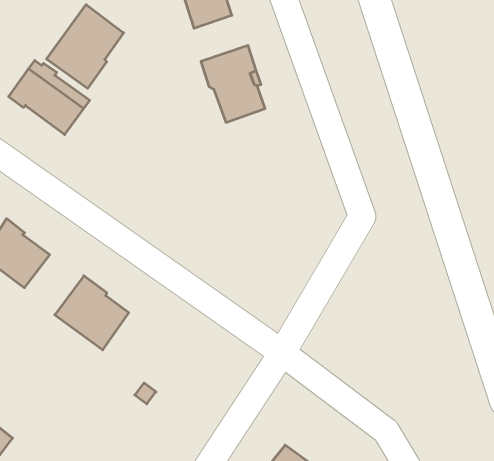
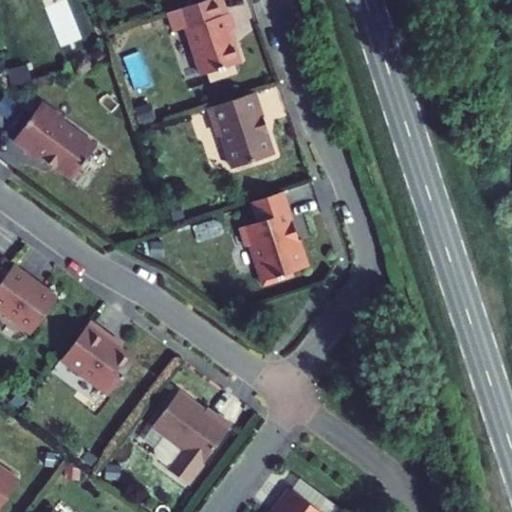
building: [47,5,124,88] -> none
building: none -> [241,190,308,284]
building: none -> [152,391,231,484]

